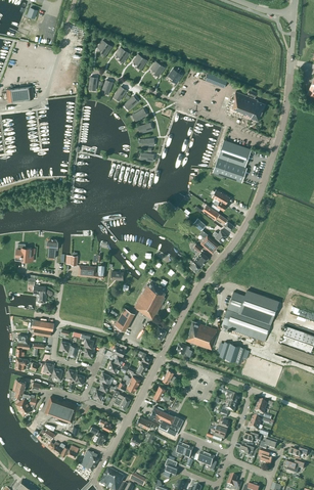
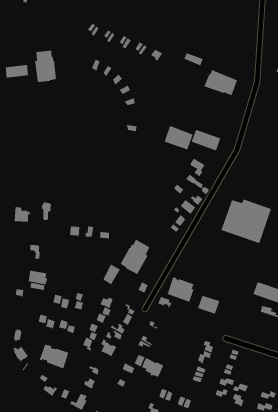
building: none -> [35,50,57,83]
building: [218,139,251,167] -> [164,125,193,150]
building: [221,291,278,341] -> [220,199,272,244]

